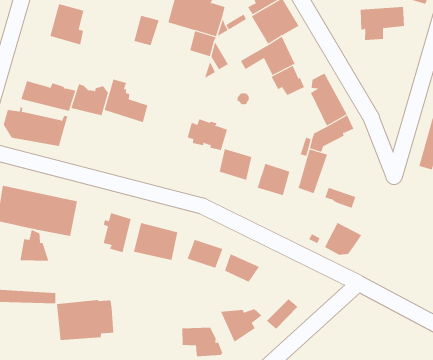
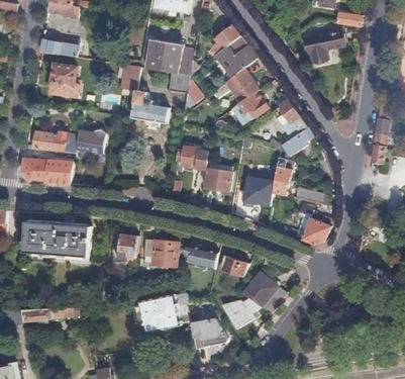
building: [104,79,148,123] -> [131,89,168,122]
building: [20,229,49,262] -> none
building: none -> [243,272,277,306]
building: [56,300,114,341] -> [138,292,190,331]

